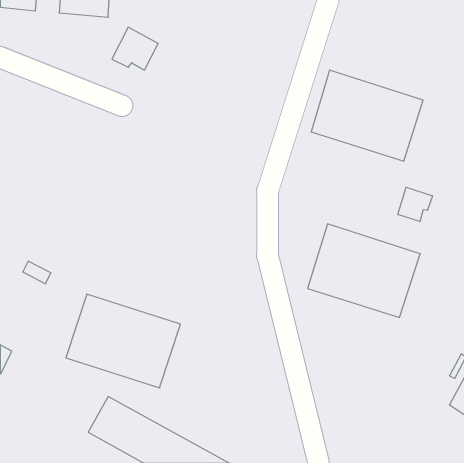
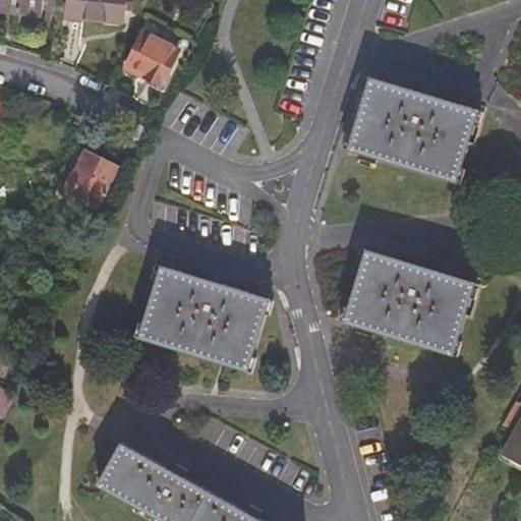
building: none -> [63,139,139,208]
building: [398,187,432,222] -> none
building: [66,294,180,388] -> [139,265,268,369]

